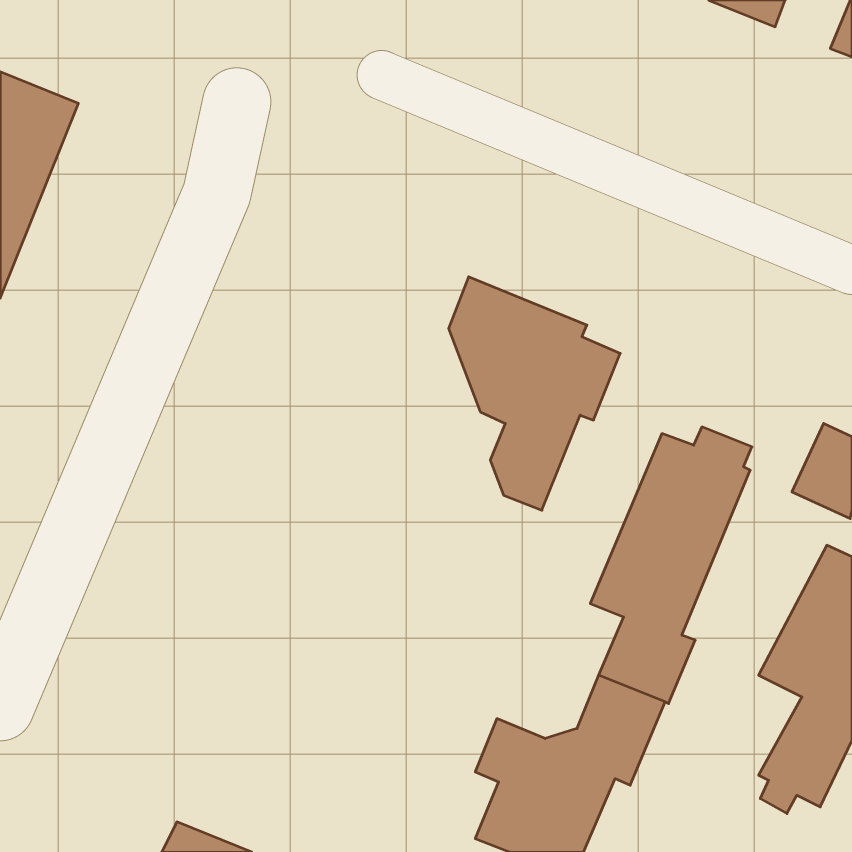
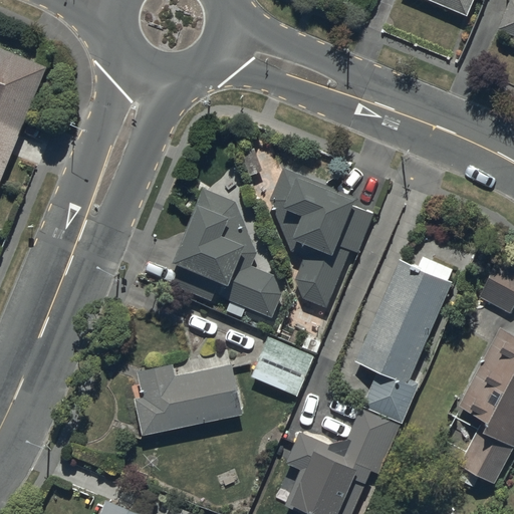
building: none -> [170,188,280,318]
building: none -> [252,337,314,397]
building: none -> [136,363,242,435]

